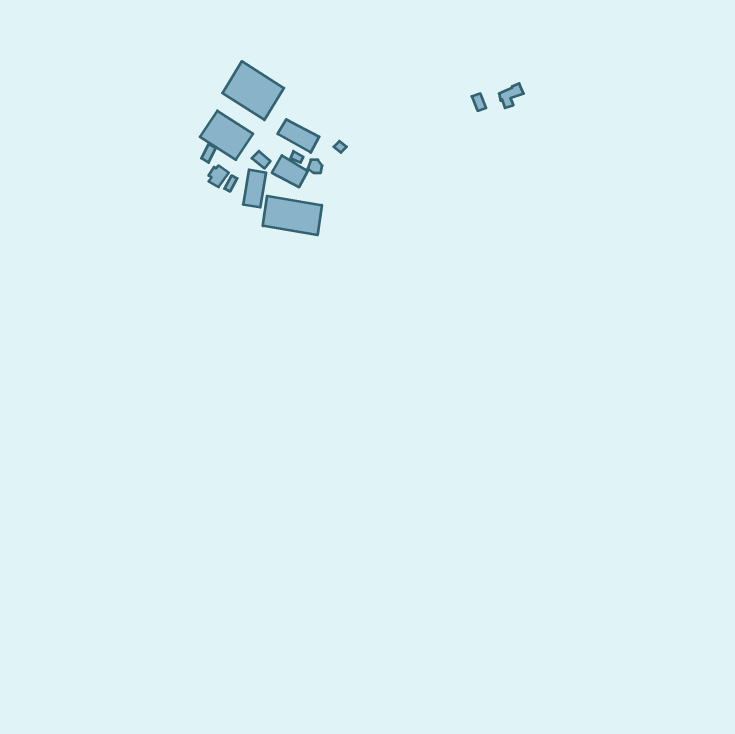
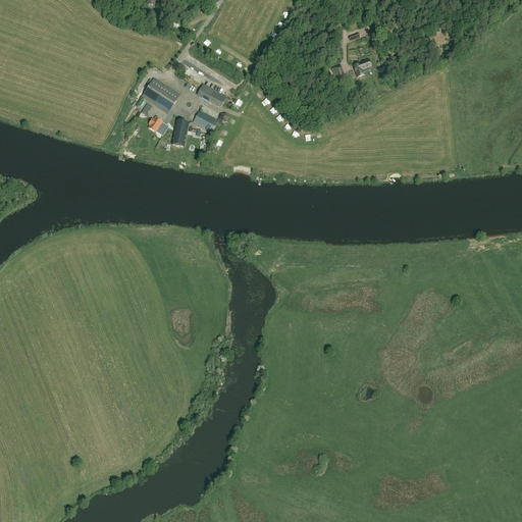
building: [222,61,284,120] -> none
building: [263,196,322,235] -> none

